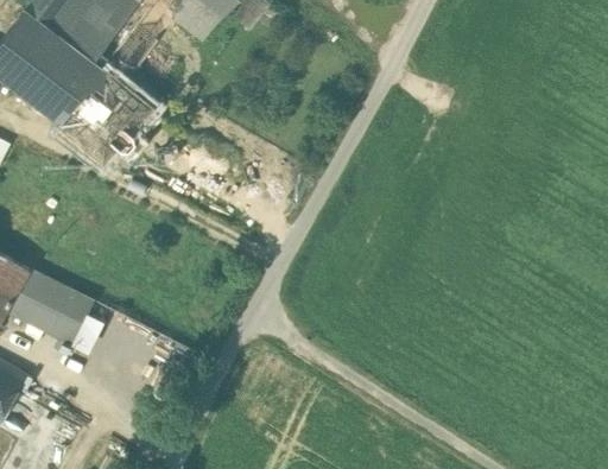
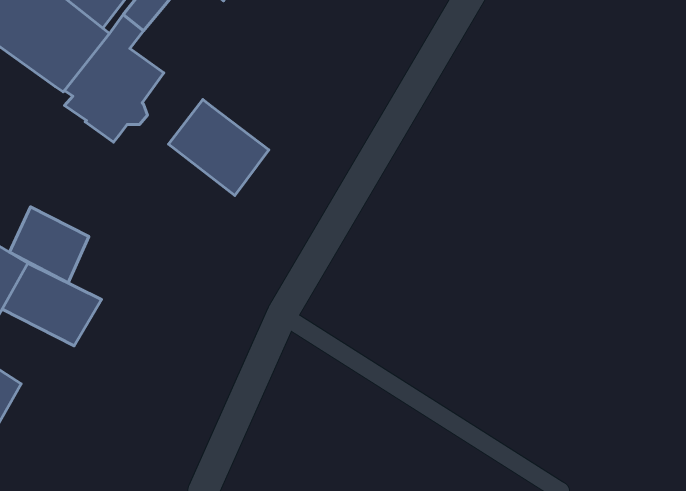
building: none -> [169,100,269,196]
building: none -> [9,207,89,283]

